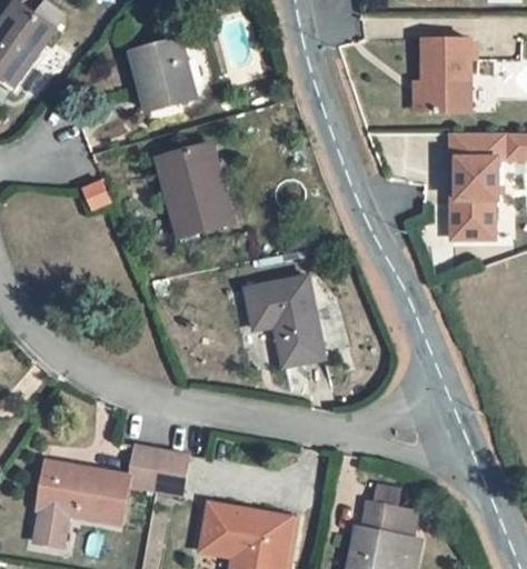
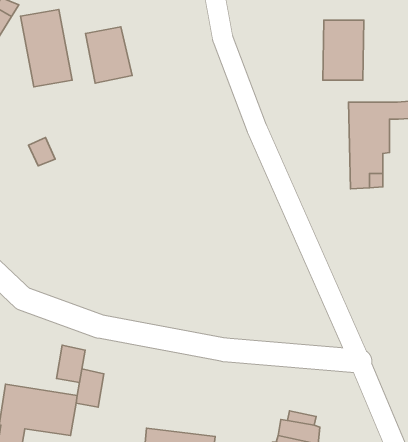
building: none -> [20,10,72,87]
building: [159,154,223,242] -> none
building: [243,280,325,365] -> none
building: [156,447,189,490] -> [57,345,85,382]

